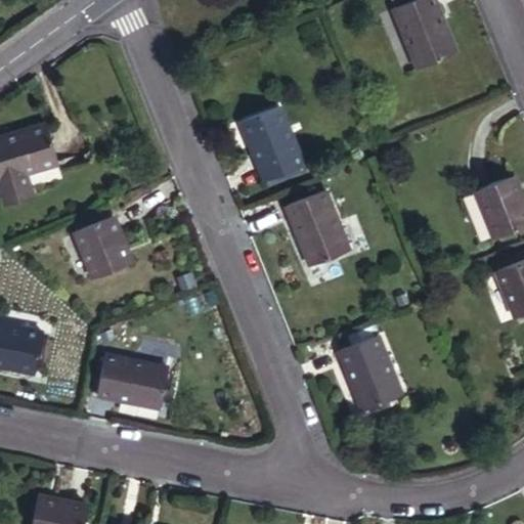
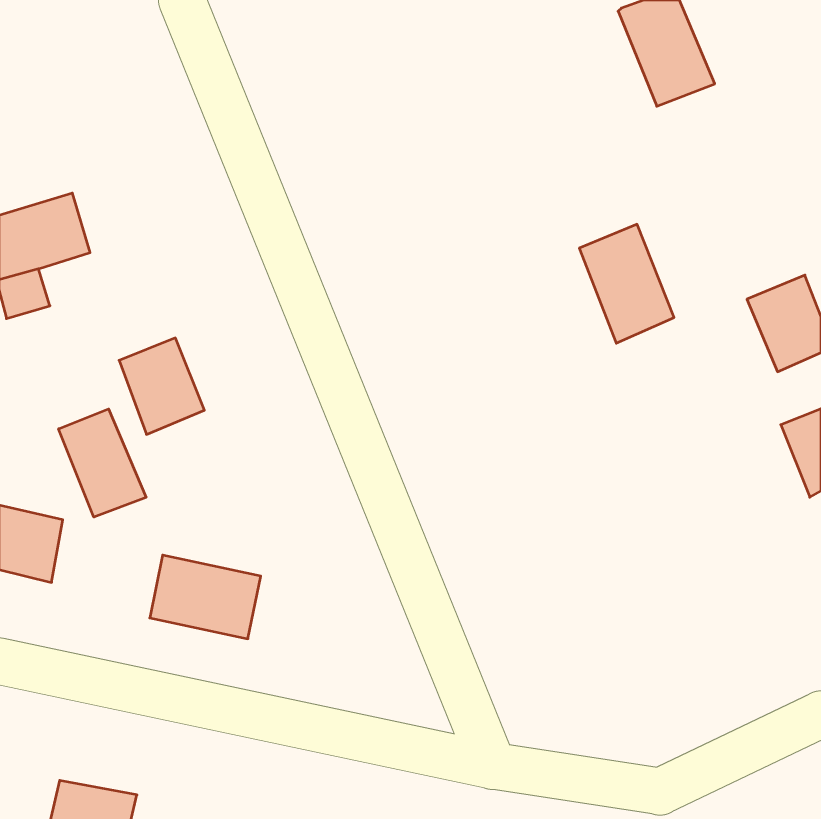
building: [241,107,302,181] -> none
building: [287,191,347,267] -> [579,224,674,343]
building: none -> [59,409,146,517]
building: [338,337,399,411] -> none

